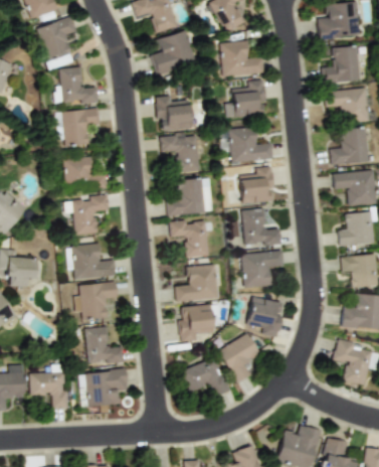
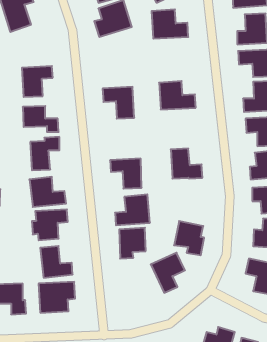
building: [60,66,100,105] -> none
building: [227,80,265,117] -> none
building: [156,96,191,130] -> none
building: [241,166,273,203] -> none
building: [167,177,212,214] -> none
building: [242,251,285,288] -> none
building: [182,357,229,396] -> none

